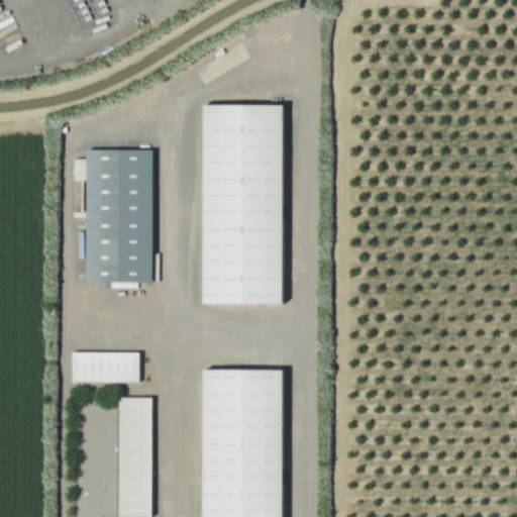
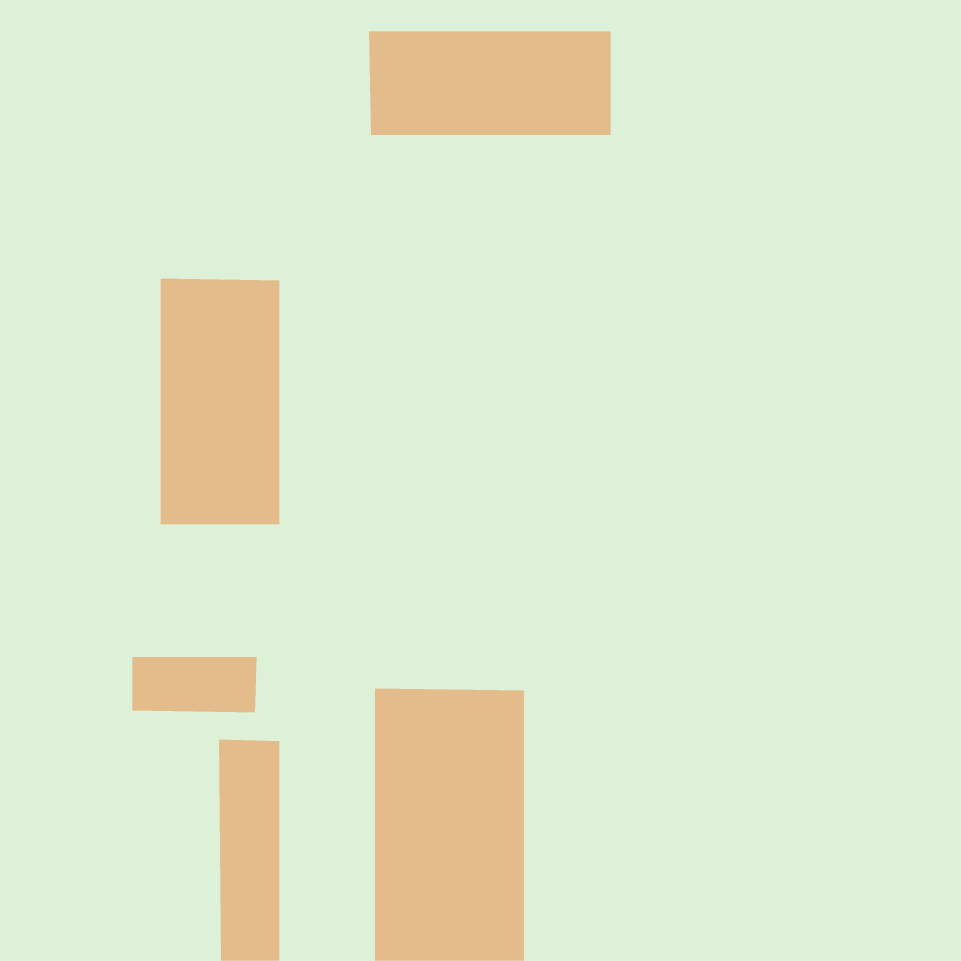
building: none -> [369,30,611,136]
building: [203,105,284,304] -> none

